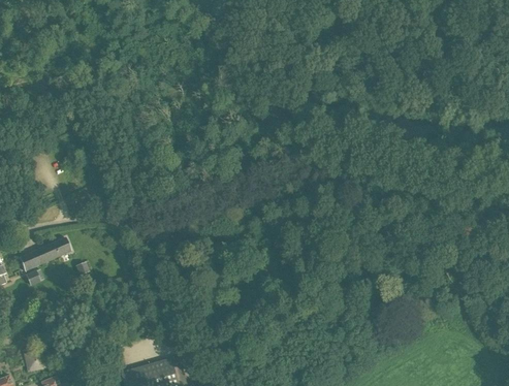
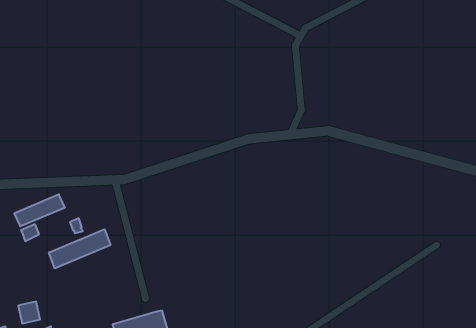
building: none -> [49,229,110,268]

